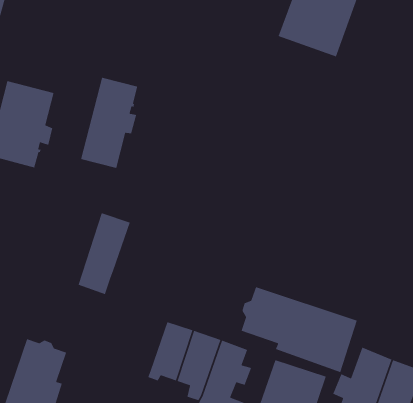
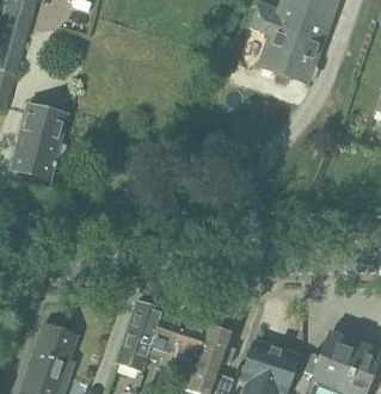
building: [80,77,138,169] -> none
building: [77,212,131,295] -> [117,301,162,371]
building: [240,286,358,373] -> none

